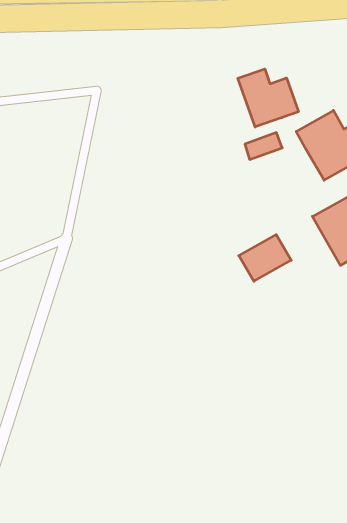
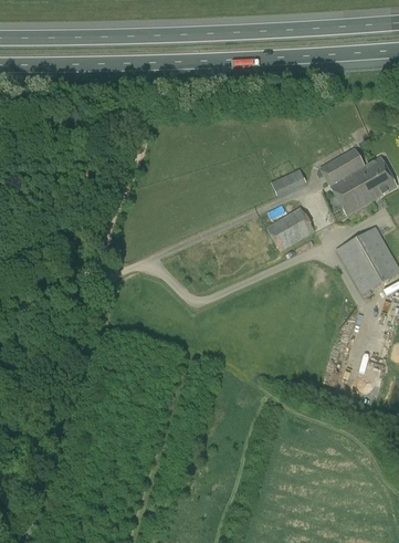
building: [238,69,298,127] -> none
building: [239,235,291,281] -> [265,207,315,251]

